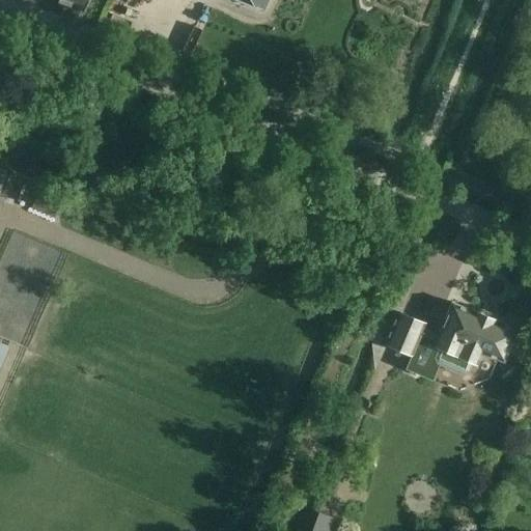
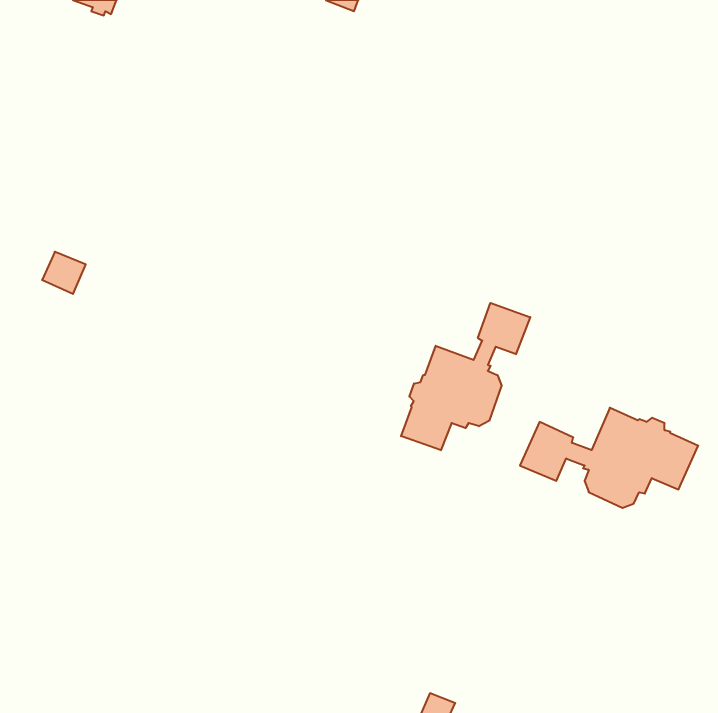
building: none -> [401,303,530,450]

